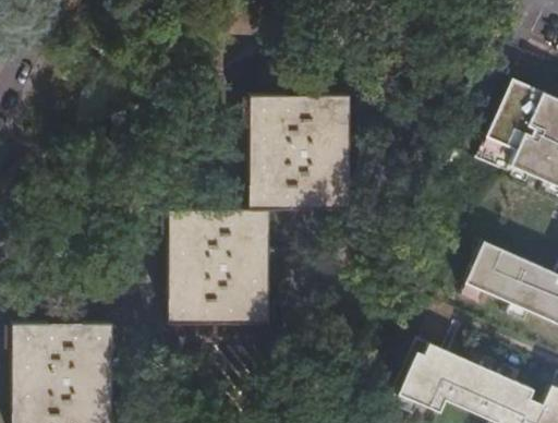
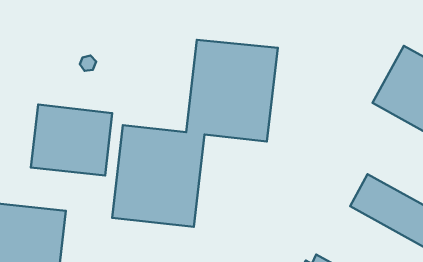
building: none -> [31,105,112,175]

